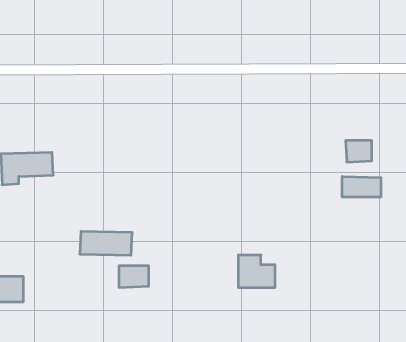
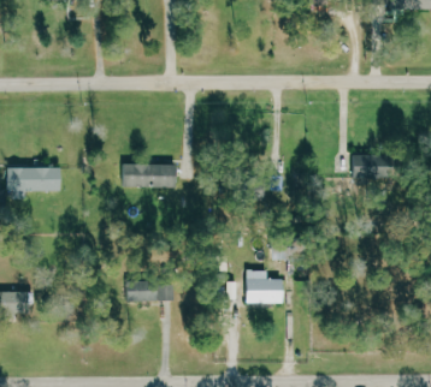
building: [342,176,381,197] -> none
building: [80,231,132,255] -> [123,163,176,187]

